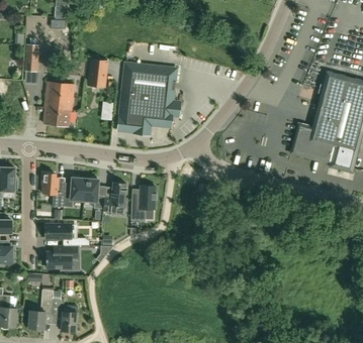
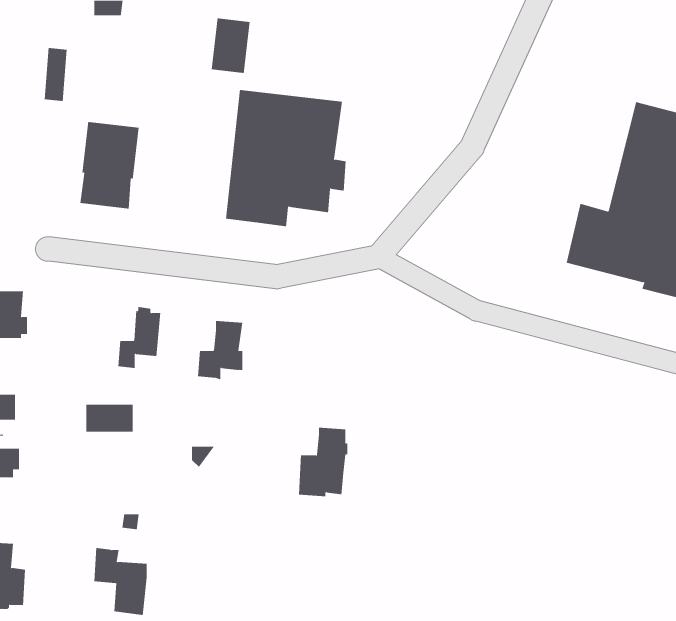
building: [88,60,108,88] -> [211,18,251,74]
building: [42,174,65,207] -> none
building: [83,177,104,209] -> none
building: [130,186,156,221] -> [298,427,348,497]
building: [47,245,77,270] -> none
building: [28,290,53,329] -> none

